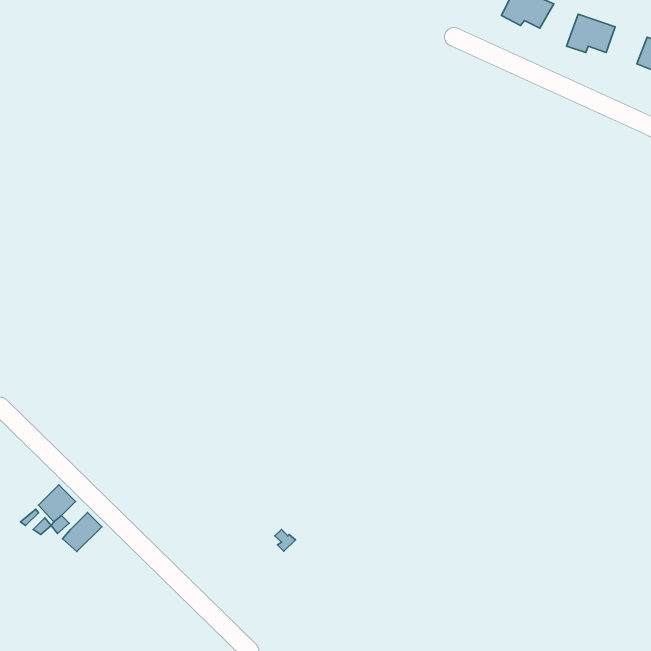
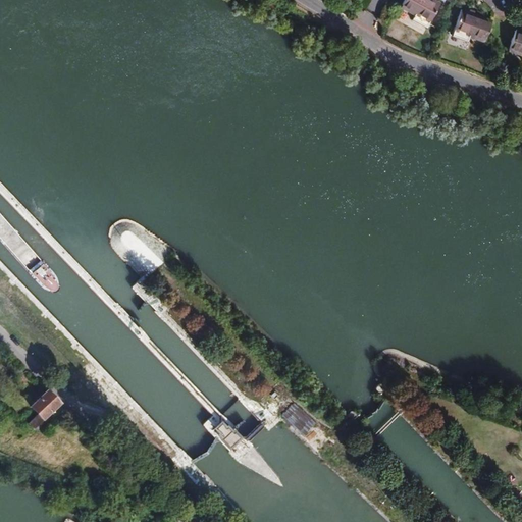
building: [63,513,102,552] -> none

